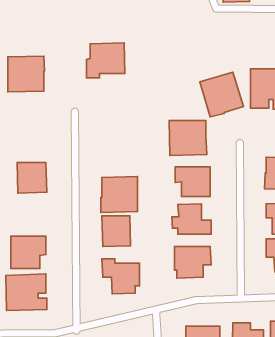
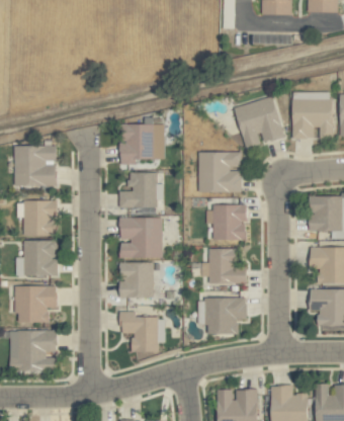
building: [87,43,125,78] -> [120,123,165,164]
building: [8,56,45,92] -> [14,145,57,186]
building: none -> [119,172,157,207]
building: none -> [23,240,57,275]

